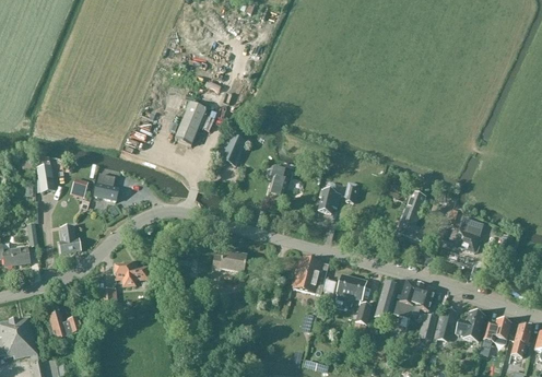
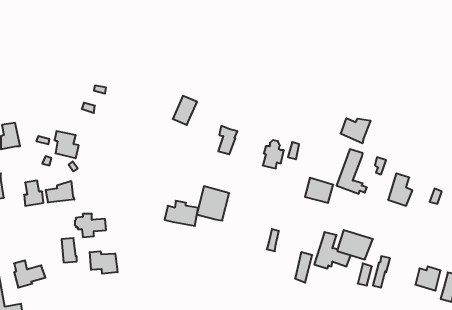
building: [176,102,208,144] -> none
building: none -> [341,118,371,143]
building: none -> [46,181,74,203]
building: [293,257,328,294] -> [197,186,229,221]
building: [335,273,366,301] -> [305,178,333,203]
building: none -> [90,251,118,274]
building: [456,311,484,341] -> none

